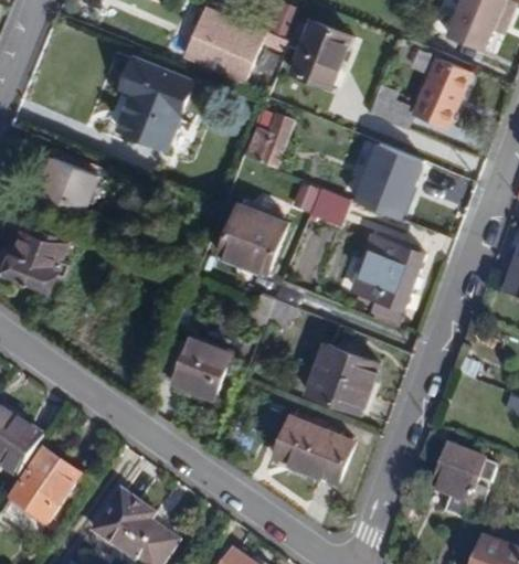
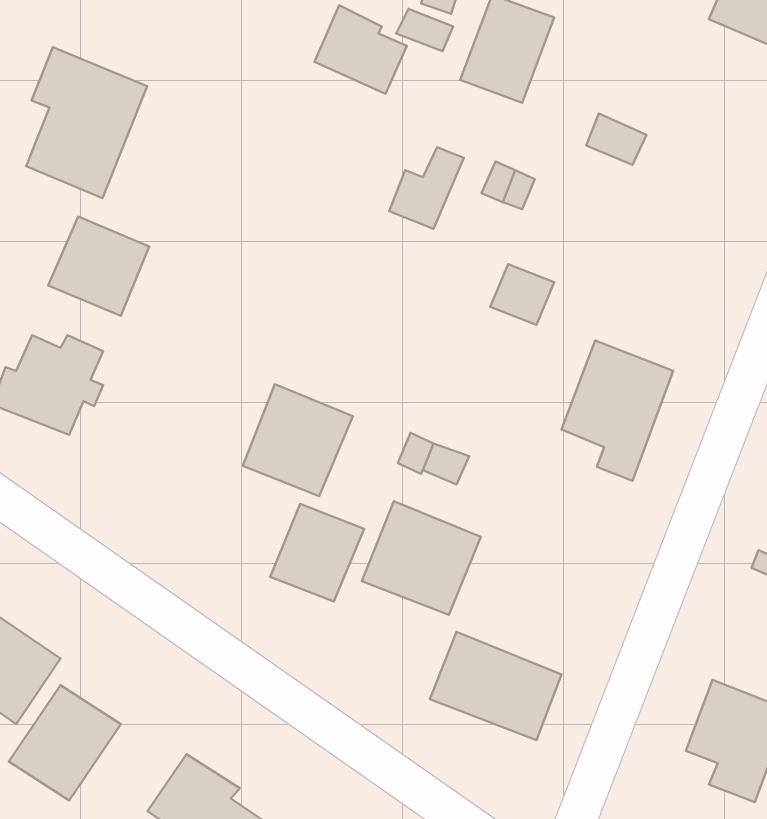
building: [116,56,191,150] -> [26,47,147,198]
building: [412,57,467,127] -> none
building: [348,137,423,214] -> none
building: [219,203,287,273] -> [243,384,353,496]
building: [305,342,379,413] -> [362,501,481,615]

